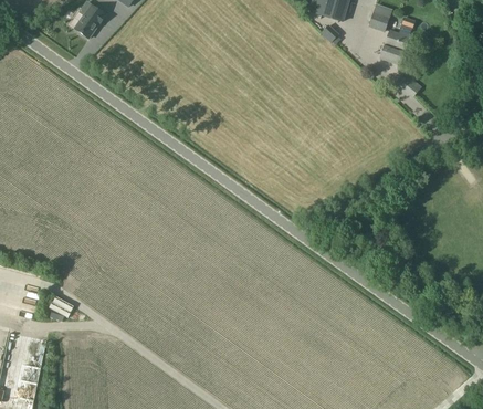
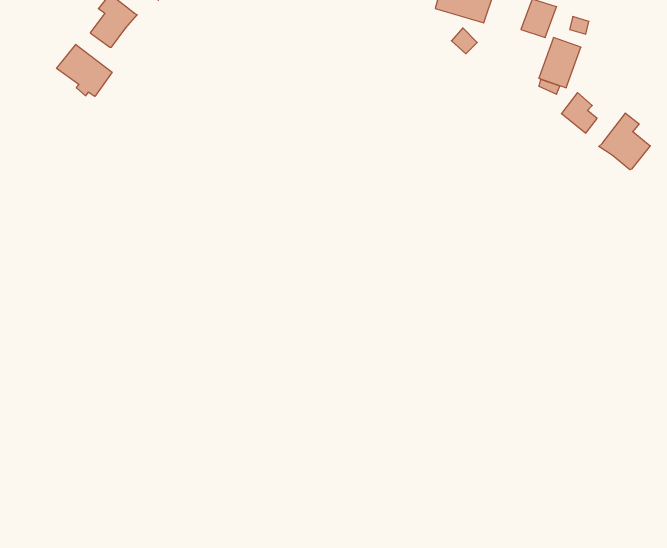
building: none -> [57,44,112,96]
building: none -> [599,113,650,170]

